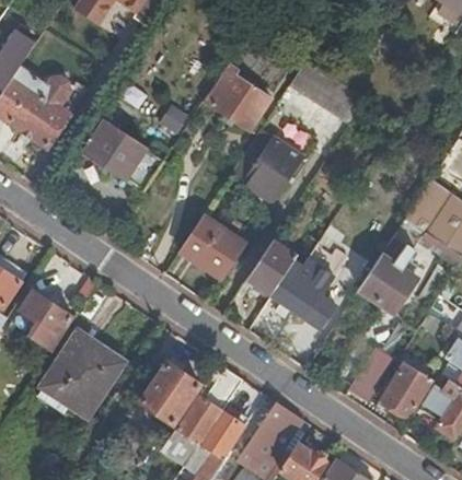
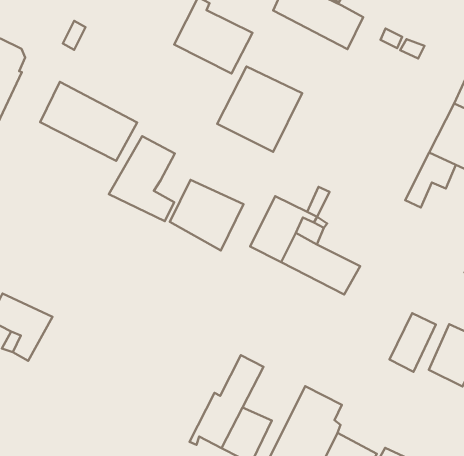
building: none -> [109,136,175,221]
building: [358,245,415,314] -> none
building: [46,341,122,414] -> none
building: [141,364,203,429] -> none

